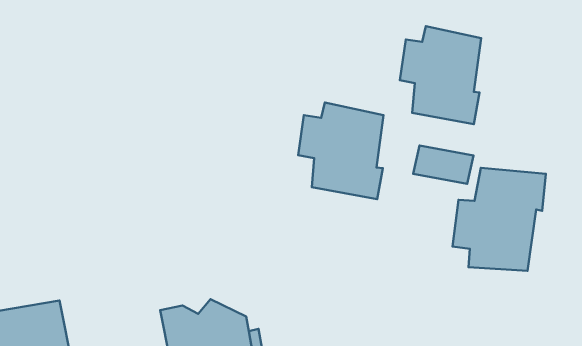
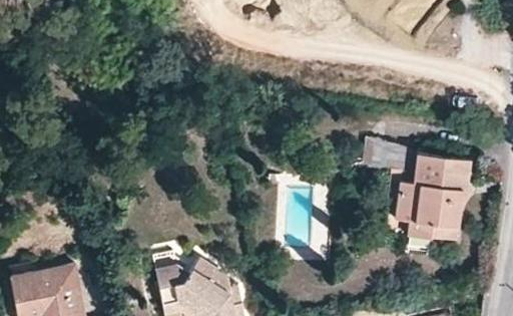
building: [400,26,481,124] -> none
building: [298,102,384,199] -> none

